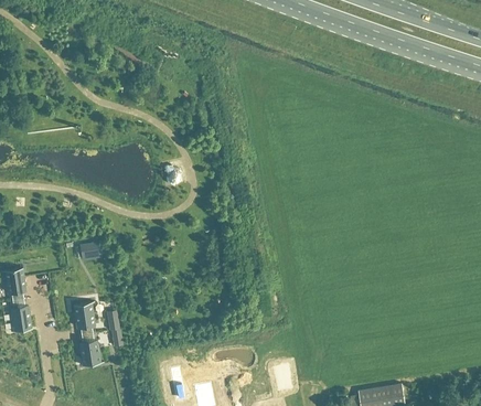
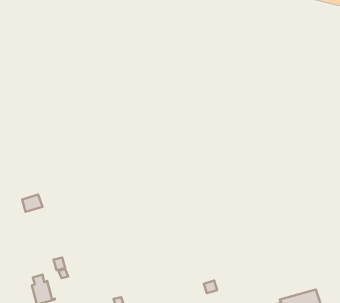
building: [74,301,96,334] -> none

